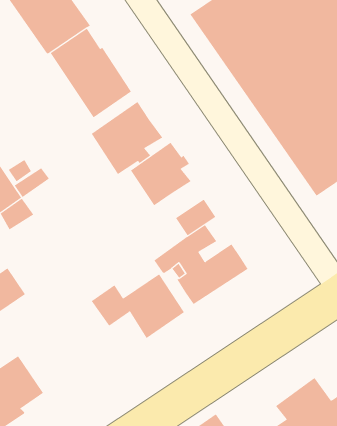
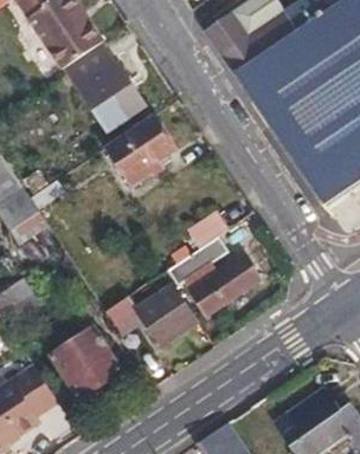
building: [130,142,191,206] -> none
building: none -> [49,325,123,401]

